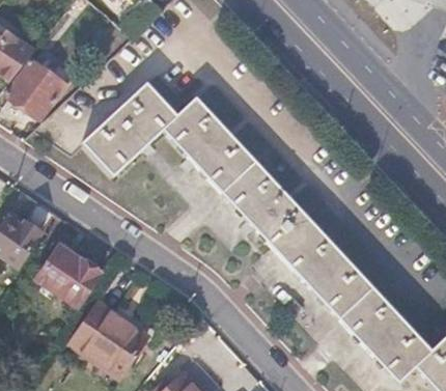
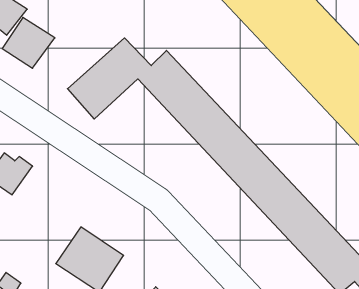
building: [37,246,102,308] -> none

